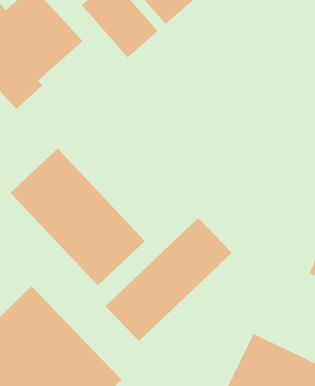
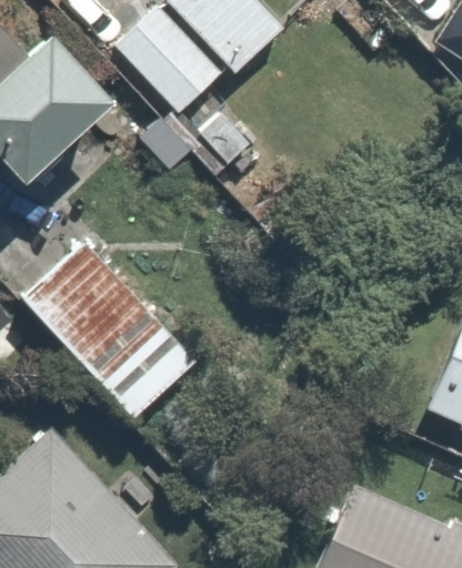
building: [105,217,232,342] -> none

